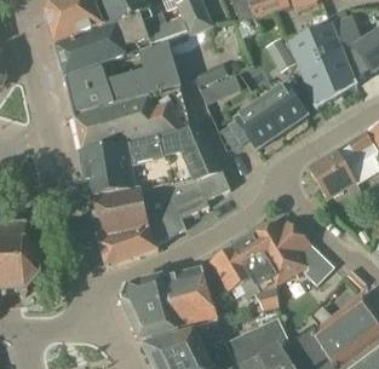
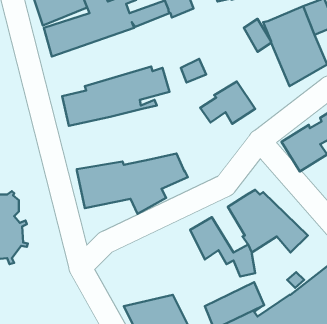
building: [65,44,180,119] -> none
building: [260,85,306,132] -> none
building: [82,122,229,198] -> none
building: [99,227,157,267] -> none
building: [234,236,272,284] -> none
building: [120,266,216,338] -> none

